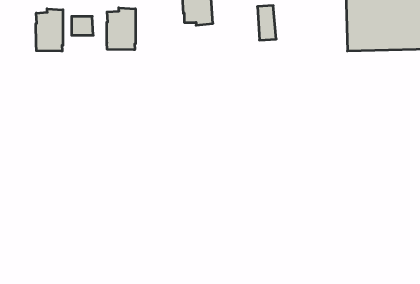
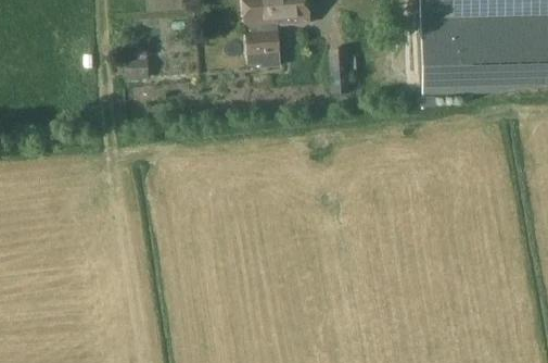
building: [107,8,135,50] -> none
building: [36,9,63,51] -> none

